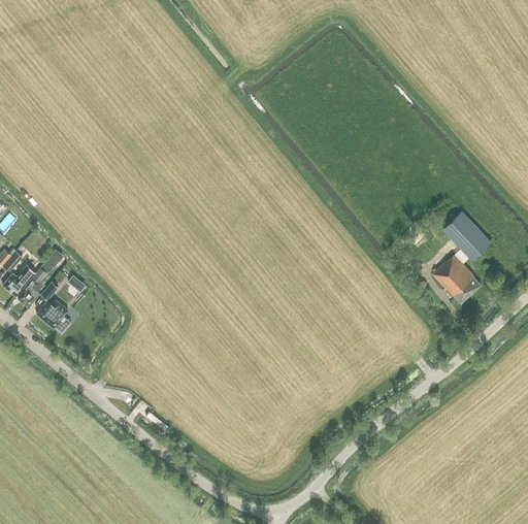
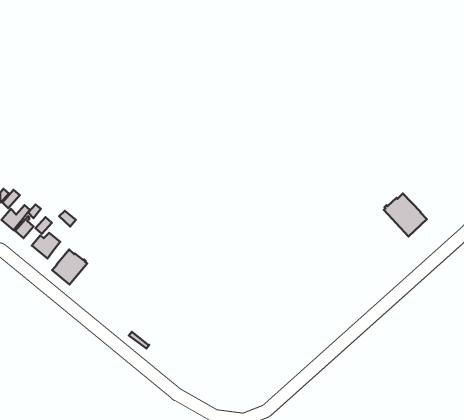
building: [443,211,491,259] -> none
building: none -> [52,250,87,285]

